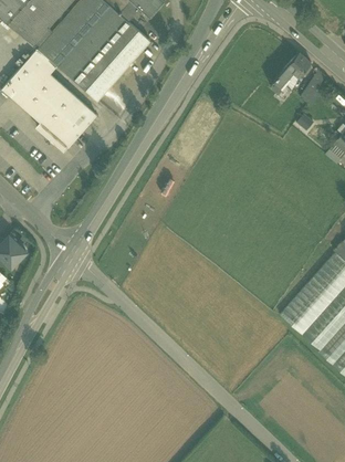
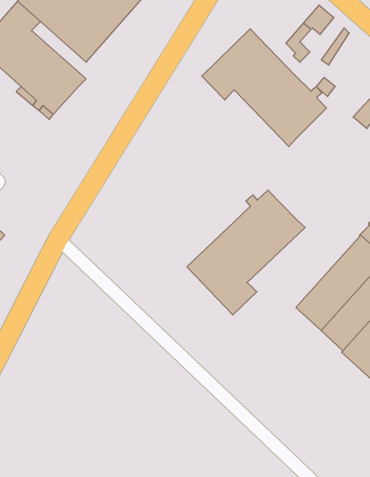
building: none -> [202,29,327,147]
building: none -> [187,190,305,315]

